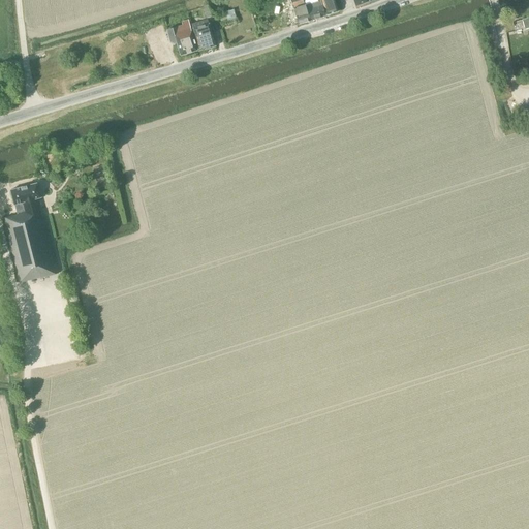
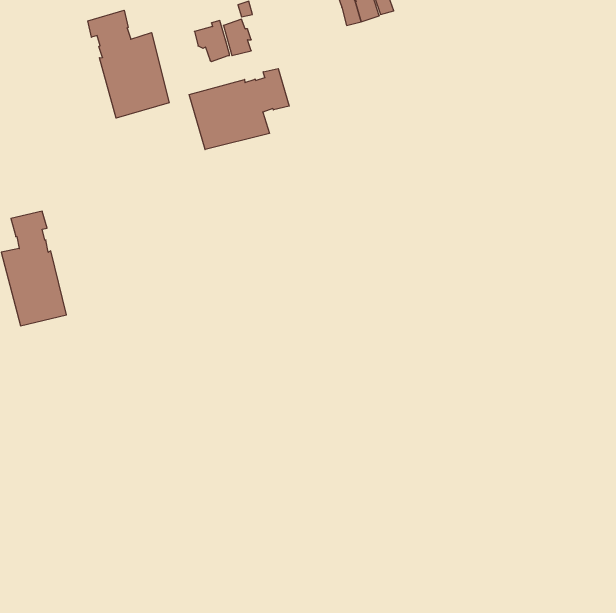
building: none -> [88,10,169,118]
building: none -> [189,69,289,150]

